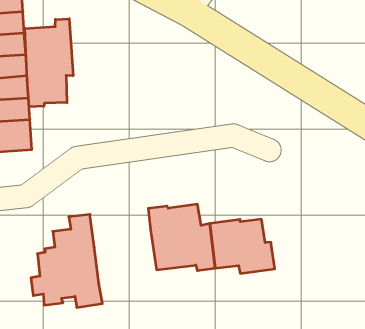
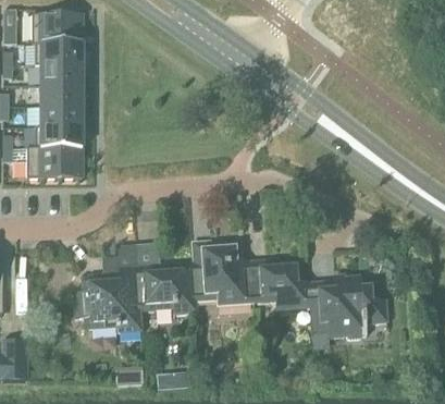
building: [25,19,73,107] -> none
building: none -> [135,242,197,313]
building: none -> [308,272,388,336]

